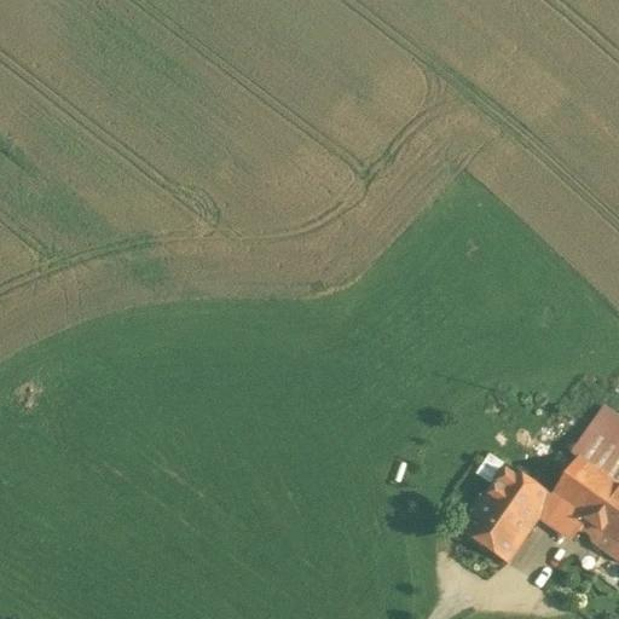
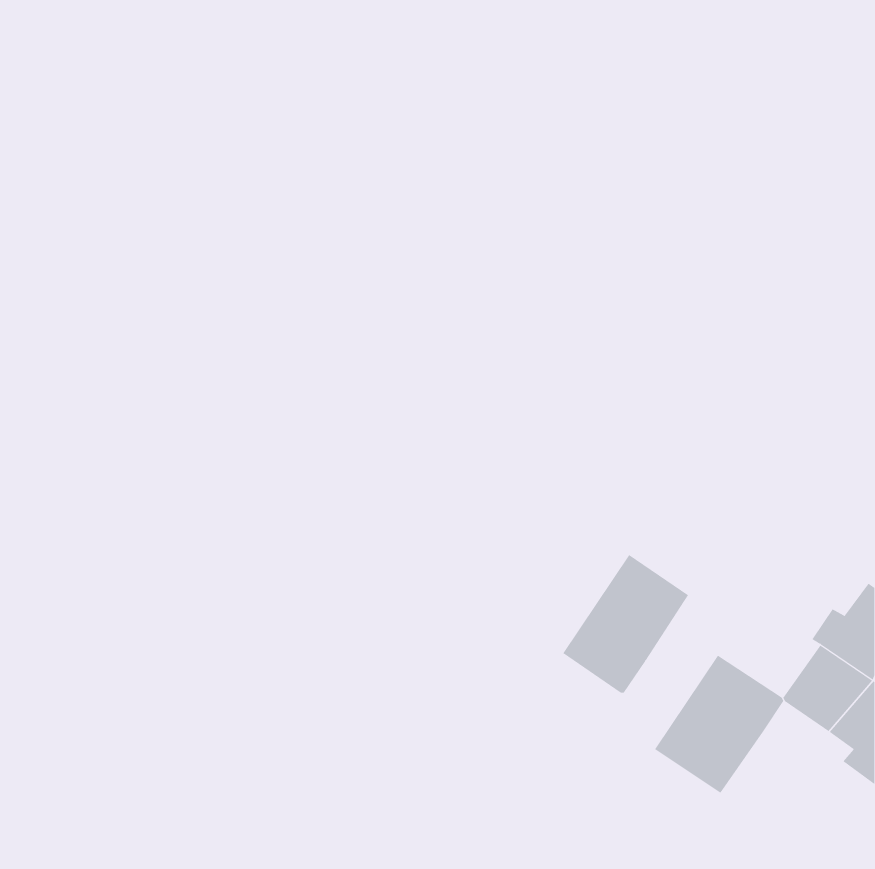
building: none -> [563,554,689,693]
building: [539,494,585,538] -> none

